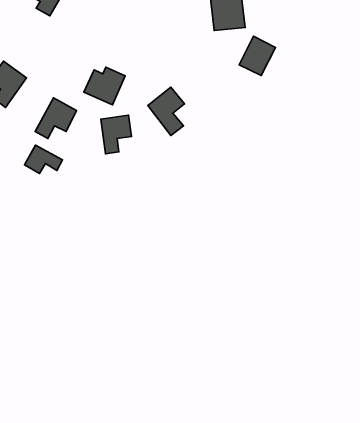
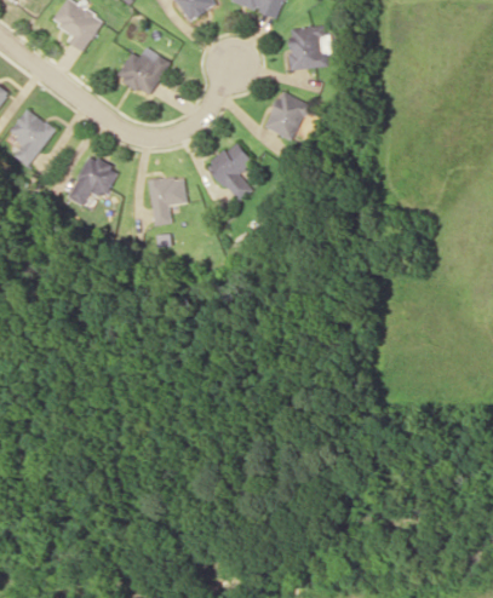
building: [239,36,276,76] -> [263,90,309,139]
building: [84,67,125,105] -> [116,47,168,94]
building: [25,145,63,174] -> none

